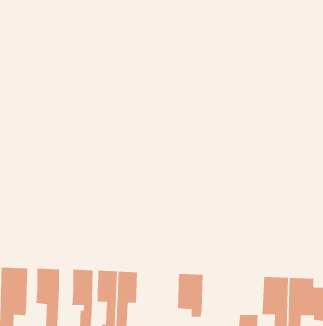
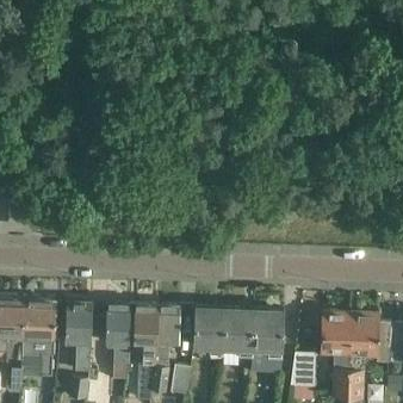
building: none -> [193,309,225,360]
building: none -> [253,311,284,361]

